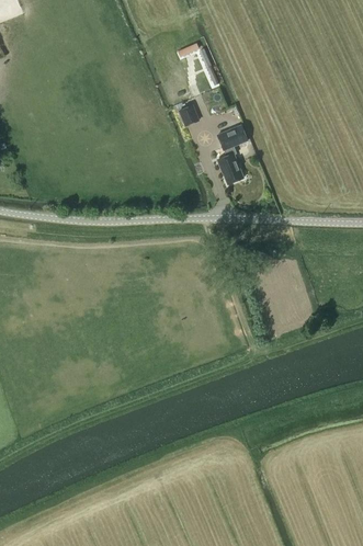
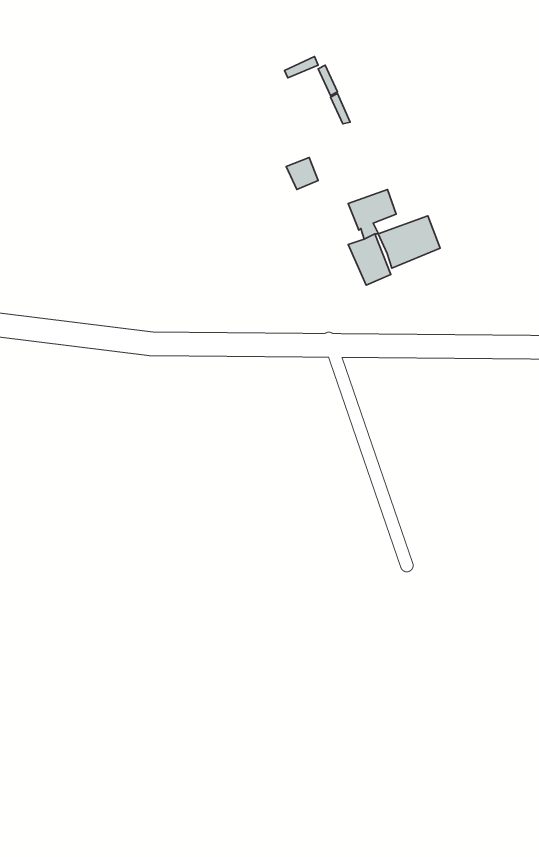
building: none -> [378,216,440,268]

